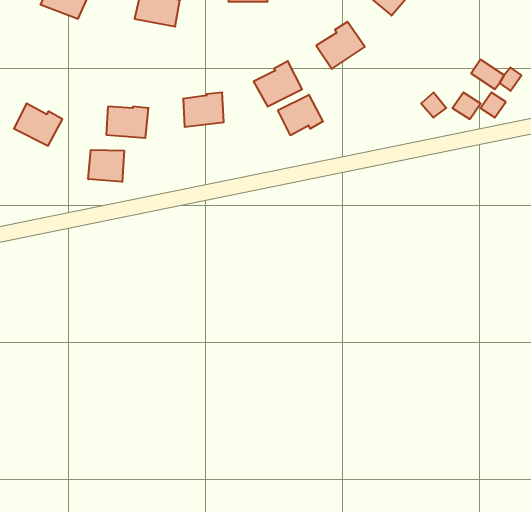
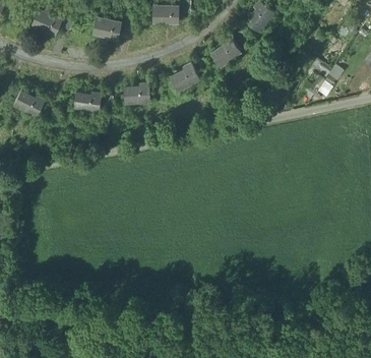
building: [278,95,323,135] -> none
building: [88,150,124,182] -> none

